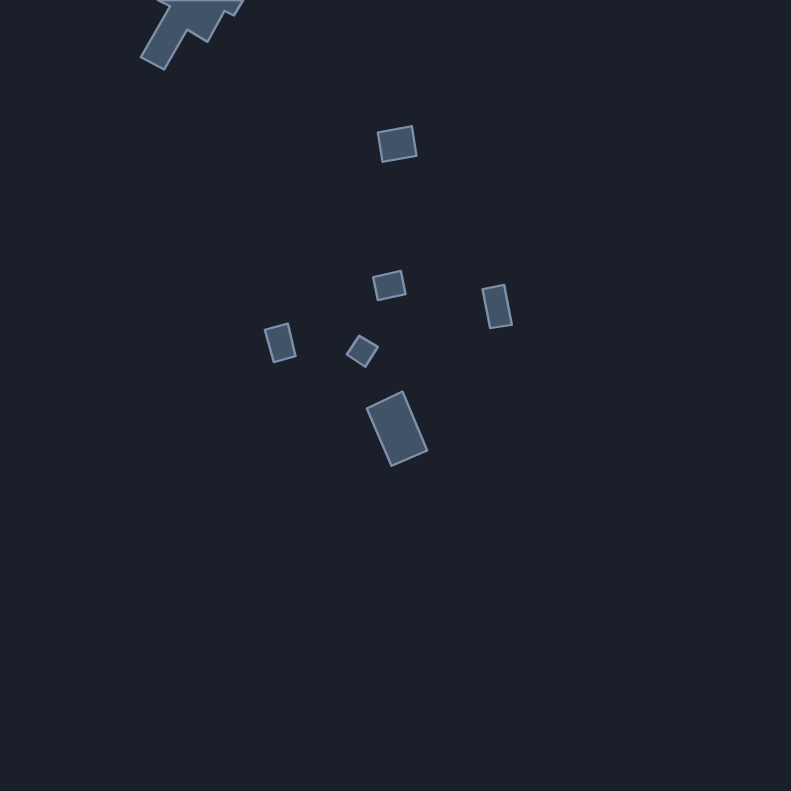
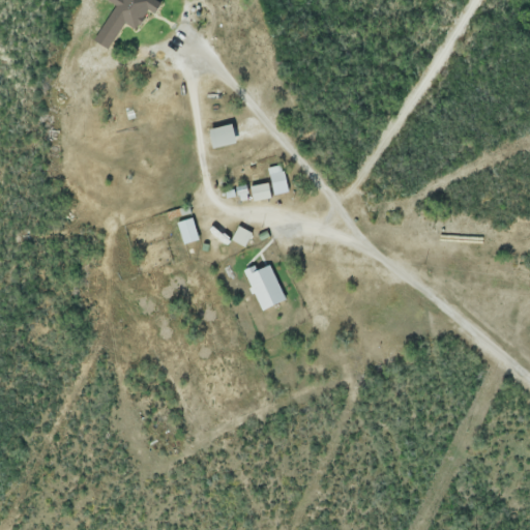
building: [378,126,417,162] -> [209,123,235,147]
building: [482,285,512,328] -> [268,165,288,194]

